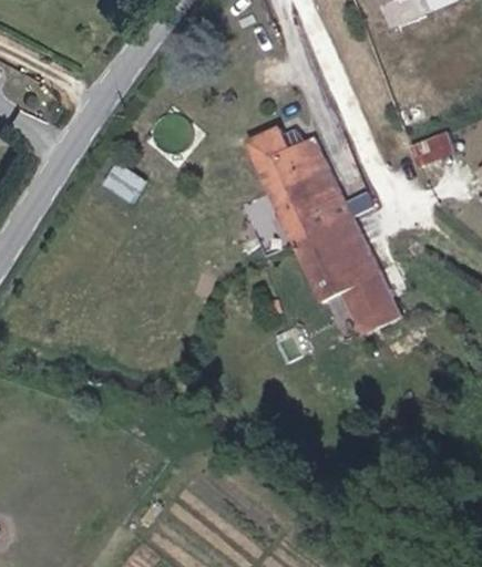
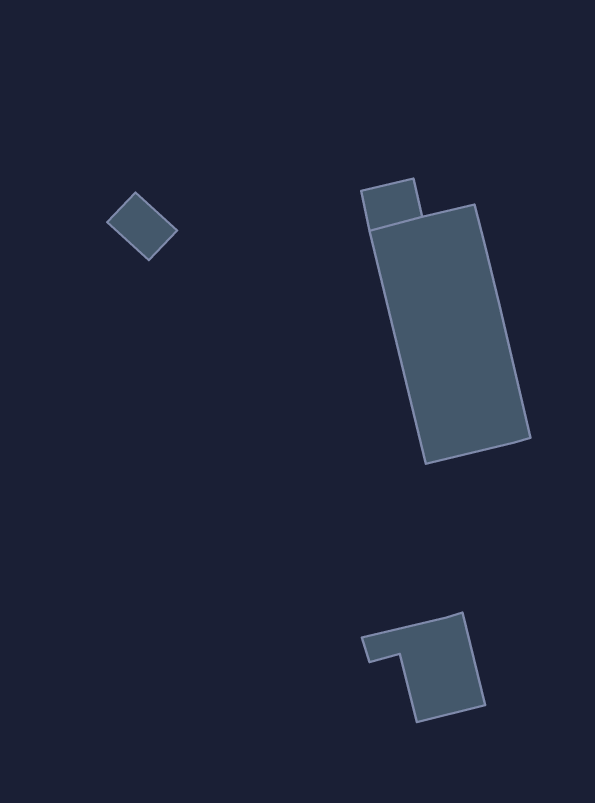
building: [316,265,393,332] -> [362,613,485,722]

